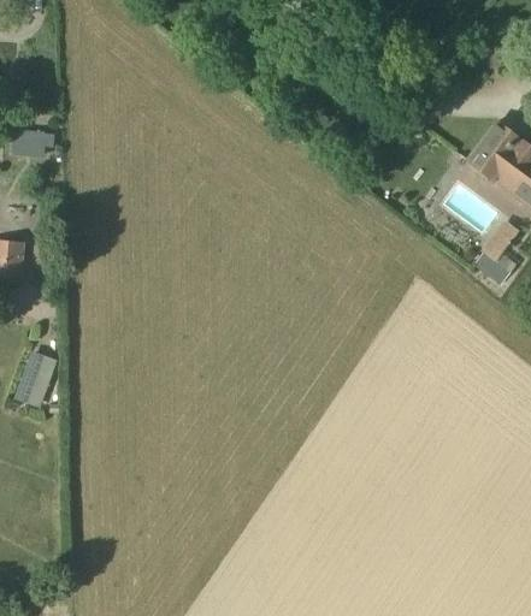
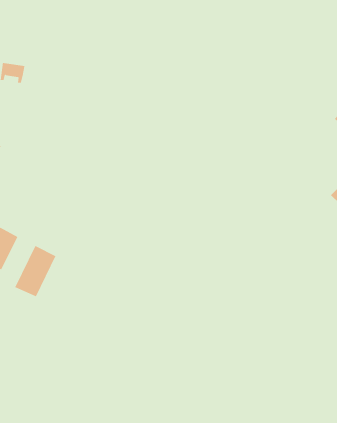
building: none -> [14,245,56,297]

